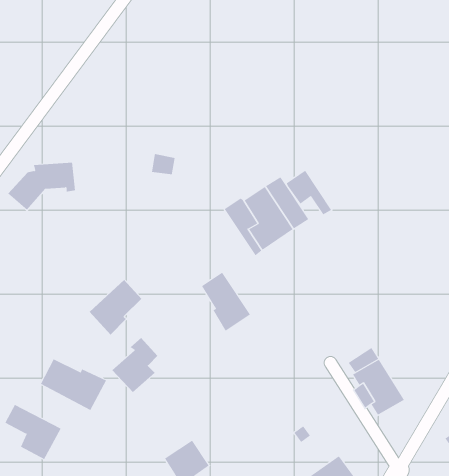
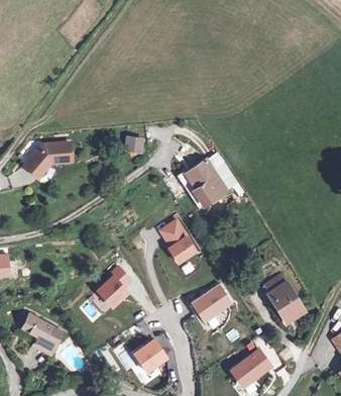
building: [286,170,332,215] -> none
building: [89,279,142,335] -> none
building: [40,358,107,411] -> none
building: none -> [191,284,234,322]

